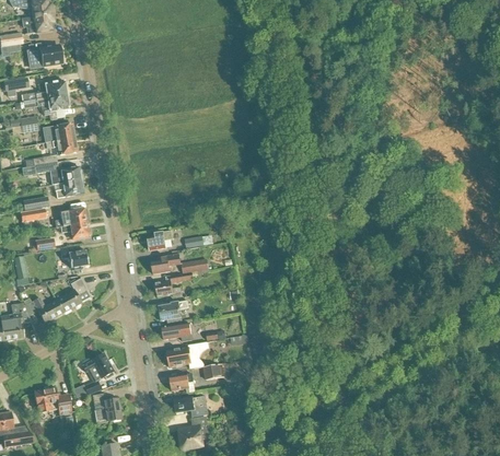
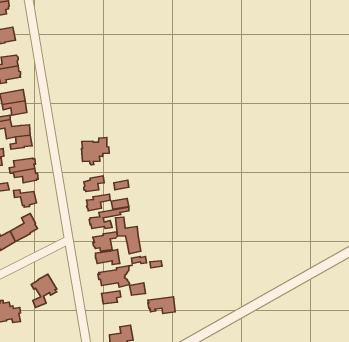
building: none -> [82,137,109,165]
building: none -> [116,217,141,254]
building: [92,393,121,422] -> none
building: [174,395,208,416] -> [148,297,175,313]

